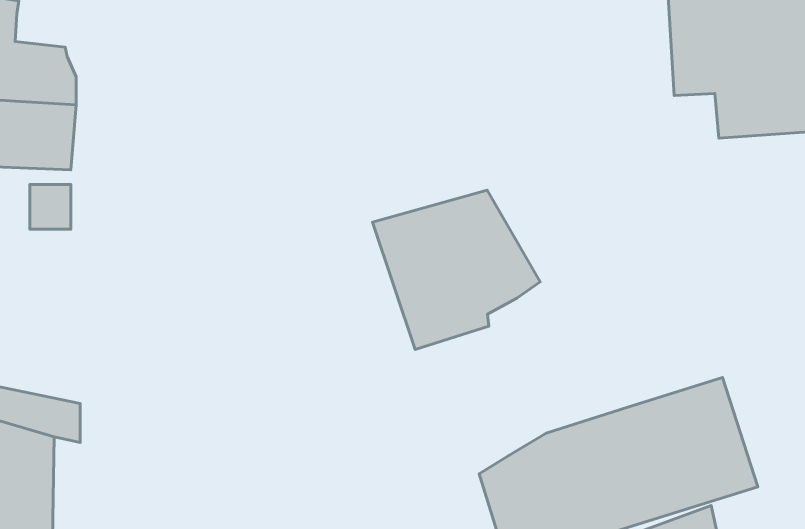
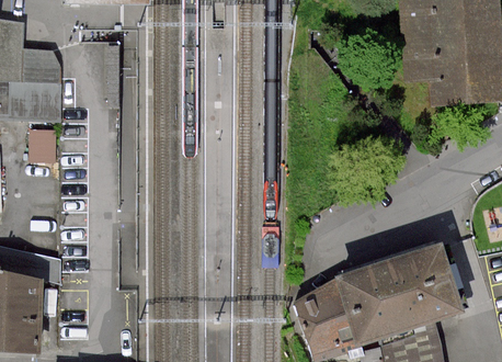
building: [373,190,540,350] -> none

